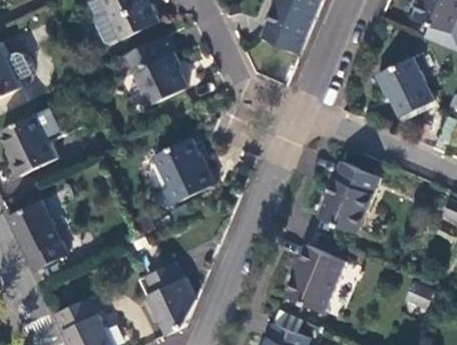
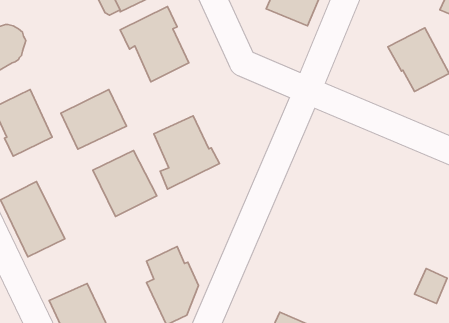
building: none -> [61,90,126,149]
building: [316,160,379,234] -> none
building: none -> [93,150,157,217]
building: [284,244,345,311] -> none

